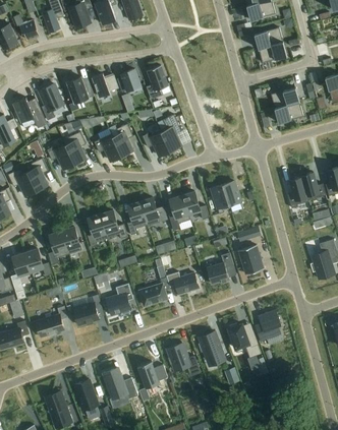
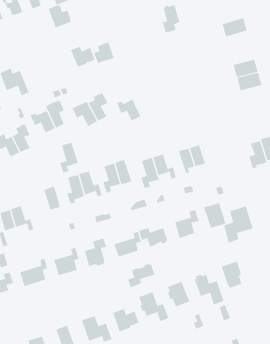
building: [255,27,283,49] -> none
building: [147,66,167,98] -> [162,4,180,33]
building: [67,76,94,103] -> [48,4,72,28]
building: [41,84,64,121] -> none
building: [161,115,181,150] -> none
building: [48,231,69,264] -> [59,142,79,173]
building: none -> [224,206,253,243]
building: none -> [128,263,155,288]

